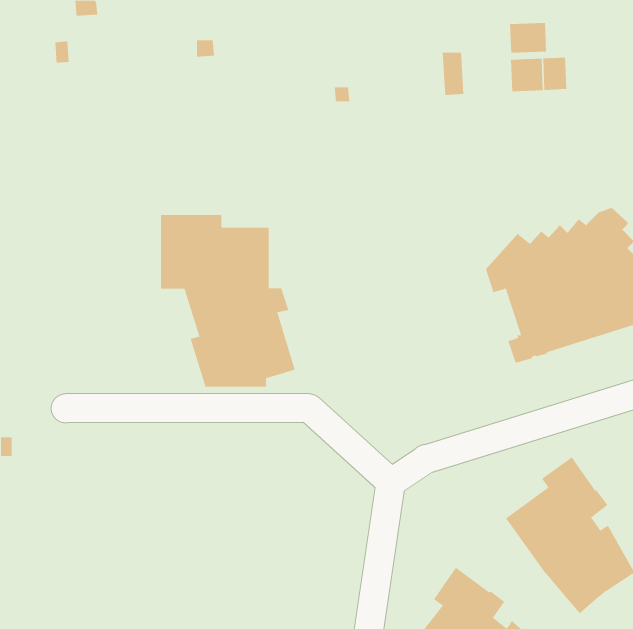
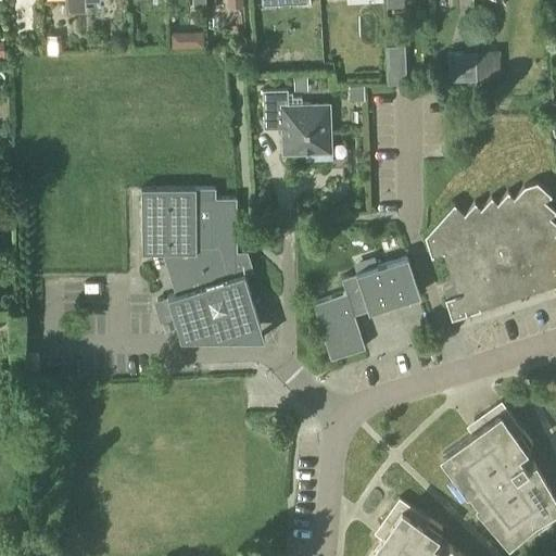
building: [510,22,547,53] -> none
building: none -> [262,92,330,156]
building: none -> [314,261,419,362]

